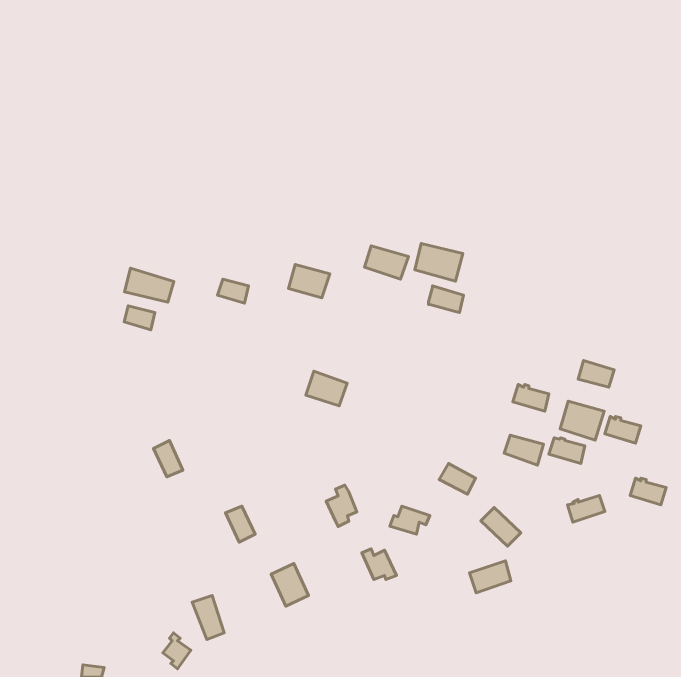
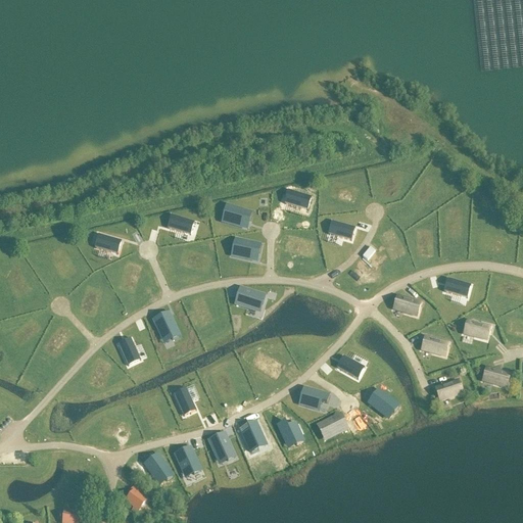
building: [415,243,463,281] -> none
building: [125,268,174,302] -> none
building: none -> [230,235,262,260]
building: [560,401,604,440] -> none
building: none -> [151,308,180,341]
building: [504,435,543,465] -> none
building: [326,485,357,527] -> [241,420,265,451]
building: [469,561,511,593] -> [318,415,349,439]
building: none -> [173,444,202,477]

